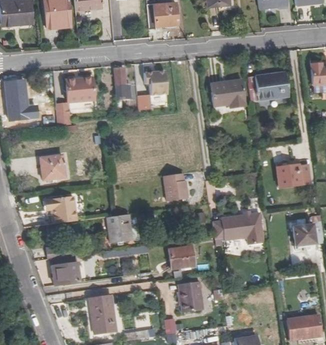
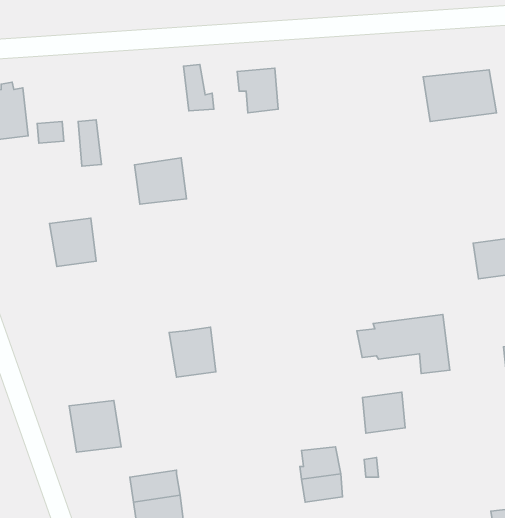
building: [210,75,246,105] -> none
building: [63,76,92,102] -> [135,158,186,204]
building: [164,173,189,202] -> none
building: [46,196,76,224] -> none
building: [171,247,195,270] -> [362,392,405,433]

